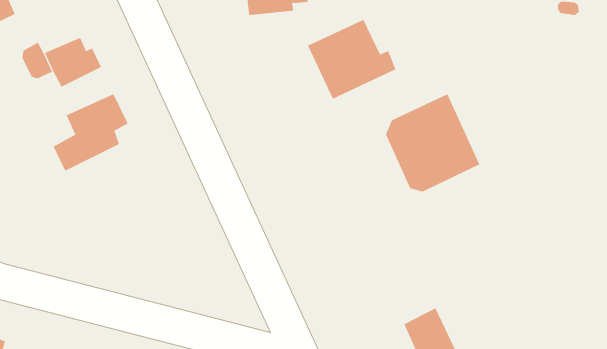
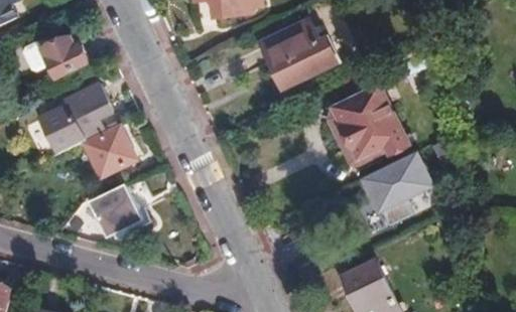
building: none -> [85,126,136,176]
building: none -> [359,150,434,213]
building: none -> [92,184,141,233]

